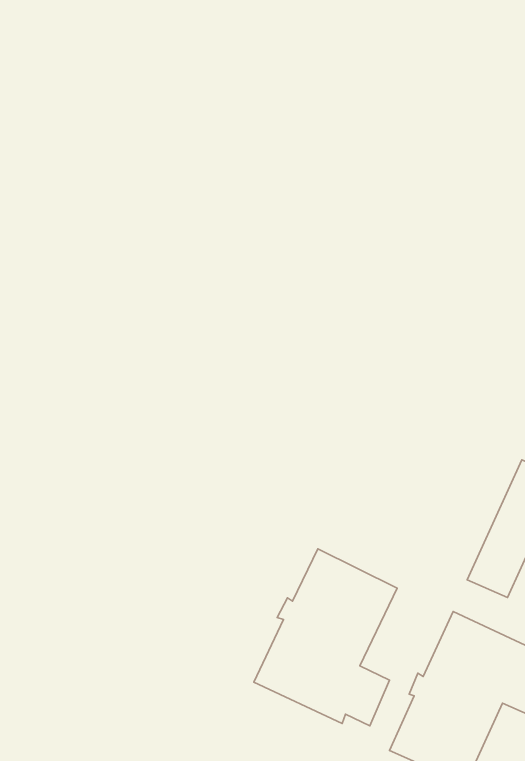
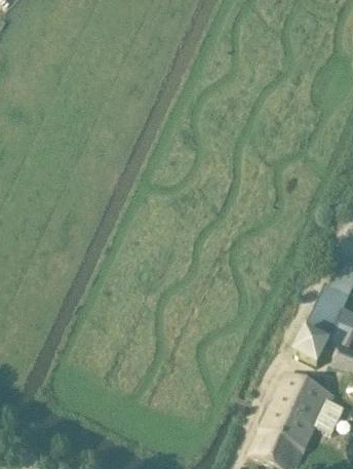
building: [254,549,397,726] -> none

